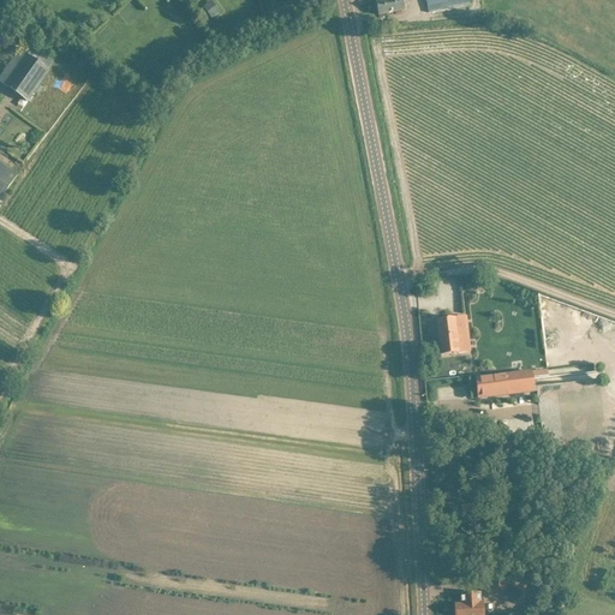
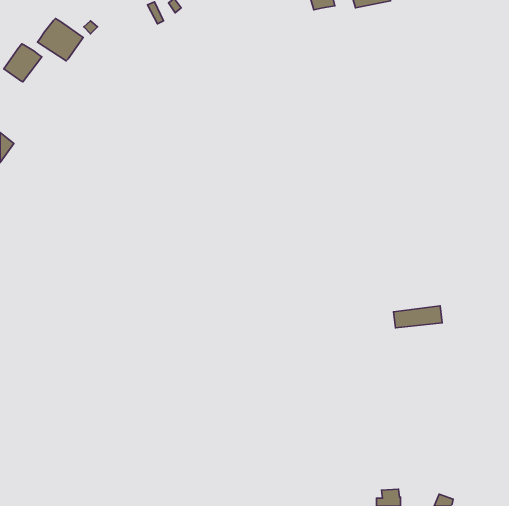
building: none -> [38,19,83,61]
building: [436,314,465,352] -> none

